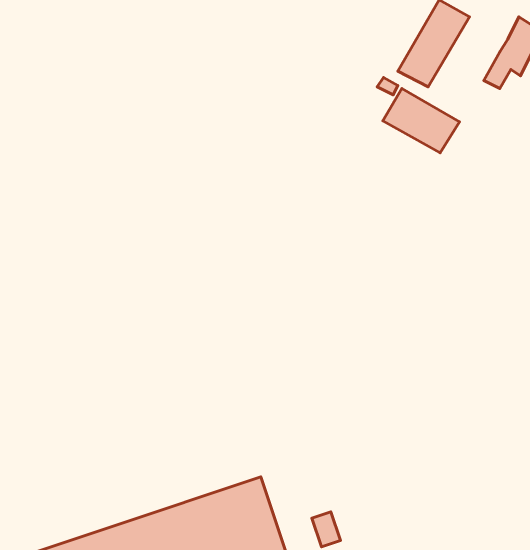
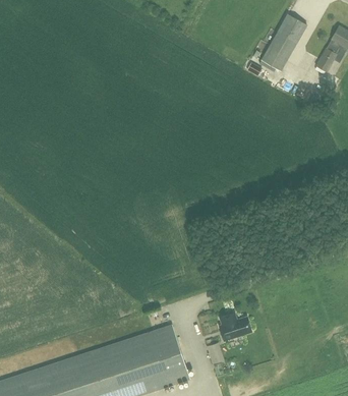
building: [383,88,459,153] -> none
building: none -> [216,315,250,343]

